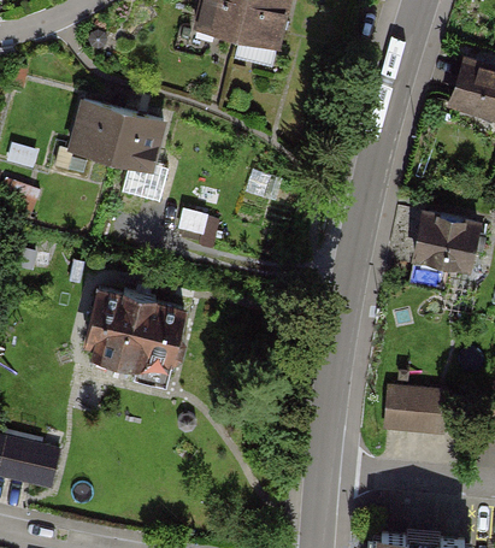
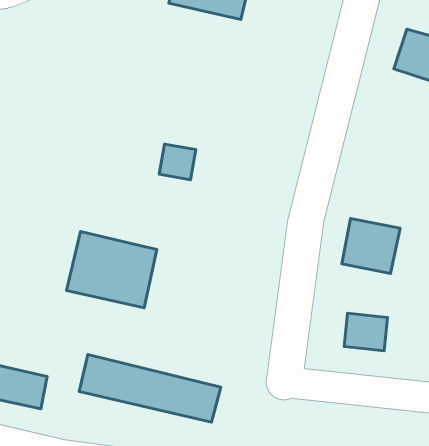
building: [69,104,164,177] -> none
building: [413,214,478,276] -> [342,219,400,273]
building: none -> [79,355,221,422]

